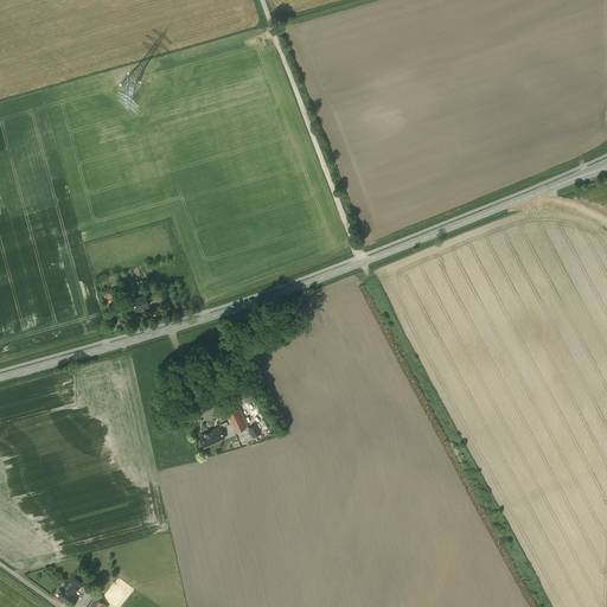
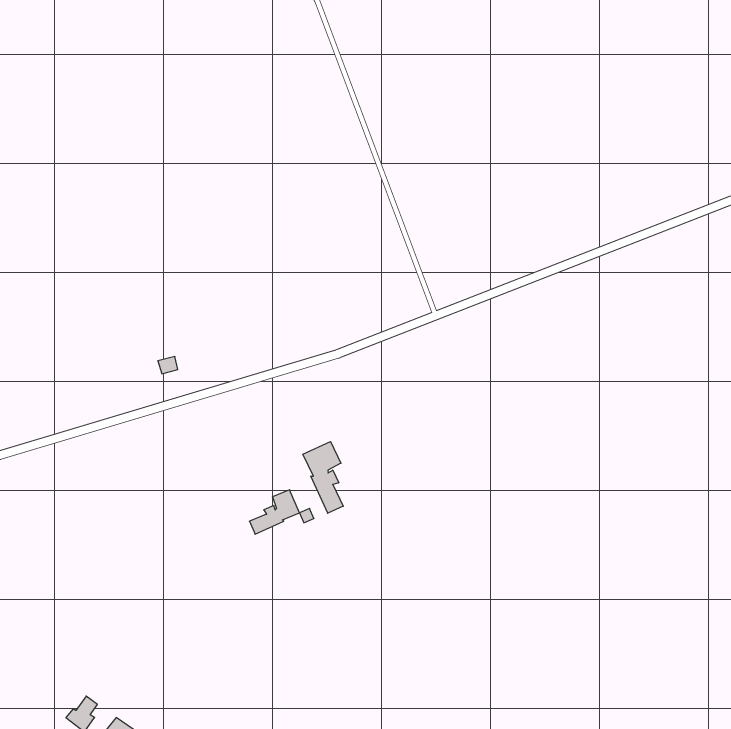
building: none -> [303,442,343,513]

